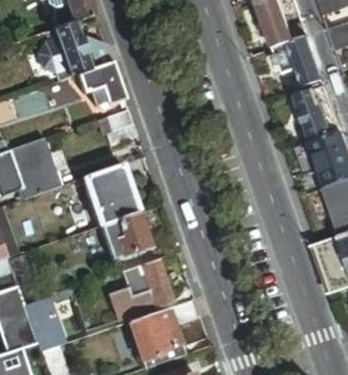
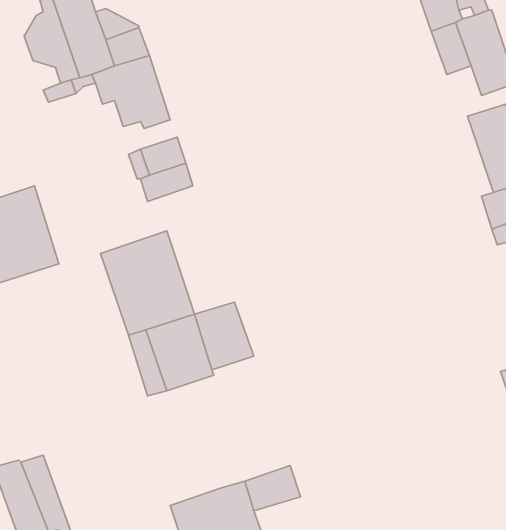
building: [116,261,170,325] -> none

